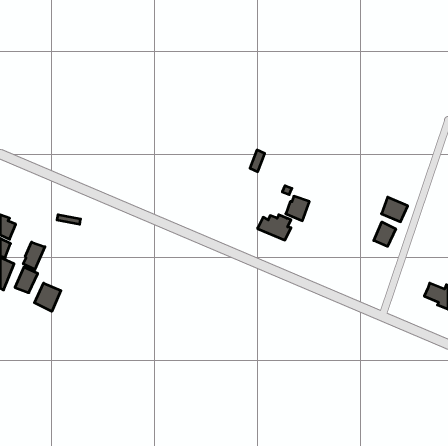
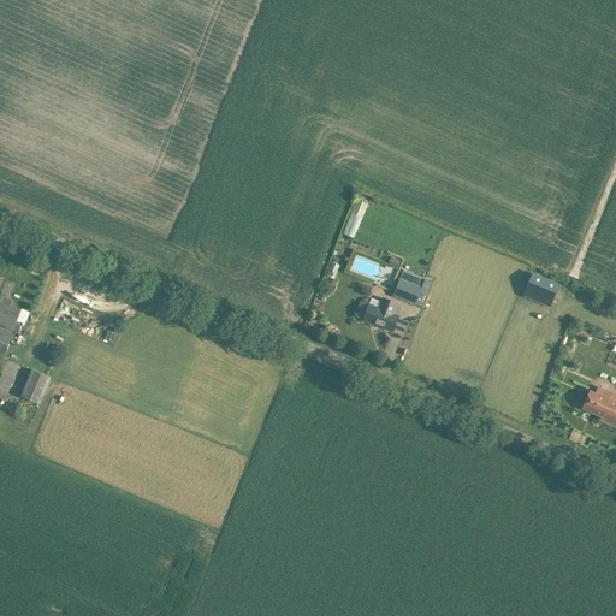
building: [374,222,396,246] -> none
building: [23,242,45,270] -> none
building: [34,283,61,311] -> none

